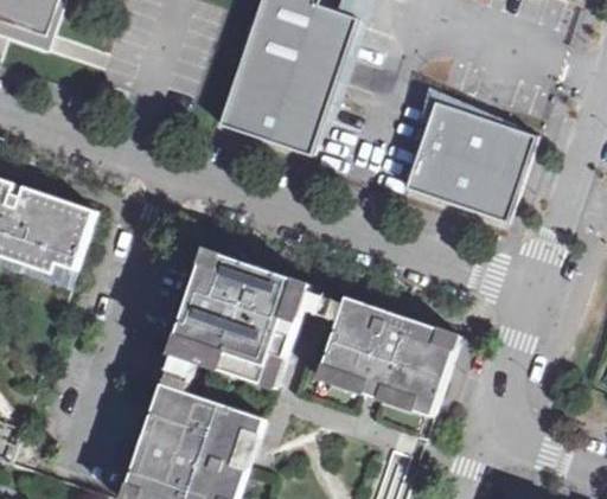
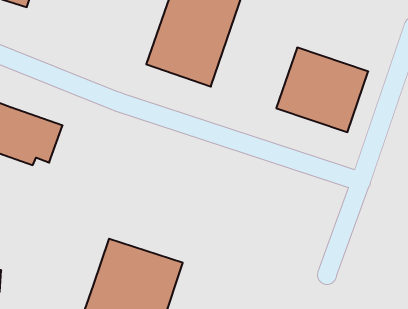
building: [174,247,317,380] -> none
building: [321,292,465,417] -> none

